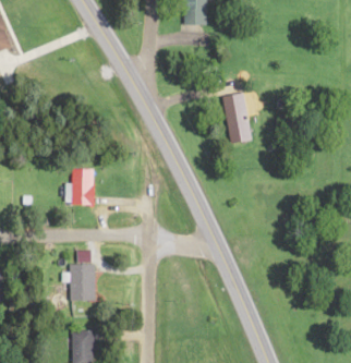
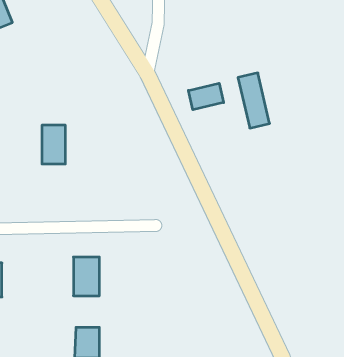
building: none -> [188,83,224,110]
building: [72,170,94,206] -> [42,125,65,164]

